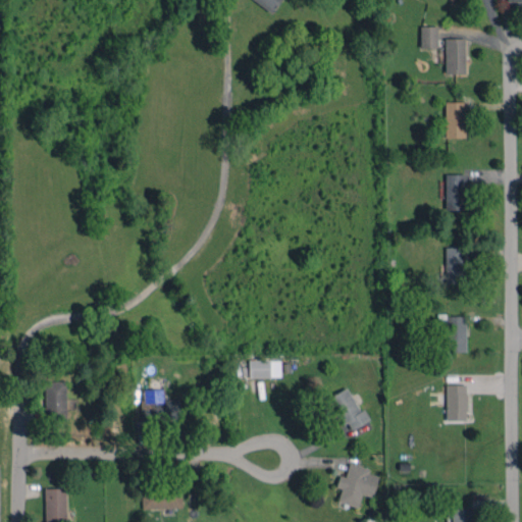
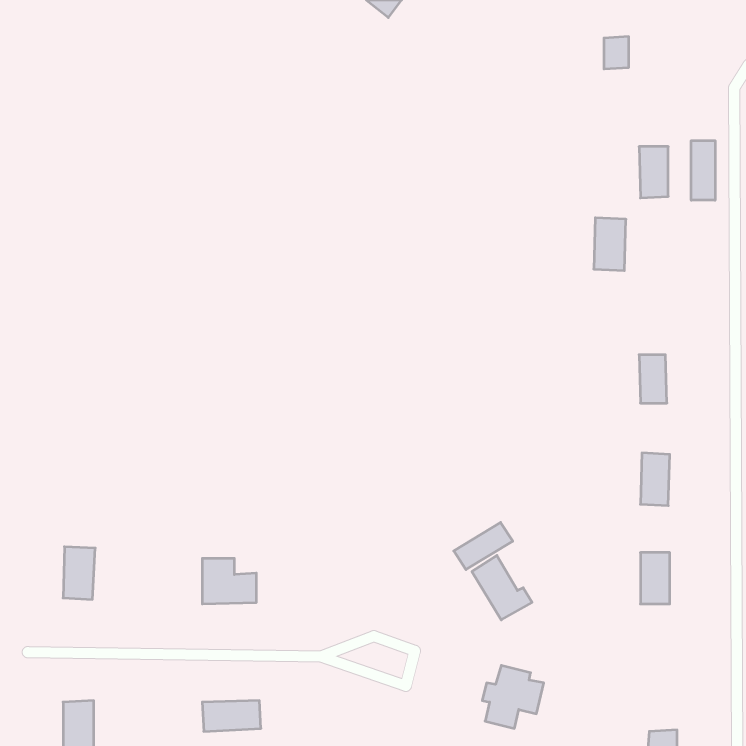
building: [447,40,467,75] -> none
building: none -> [691,141,715,200]
building: [446,175,468,212] -> [594,218,626,271]
building: [250,362,283,379] -> none
building: none -> [454,522,513,570]

